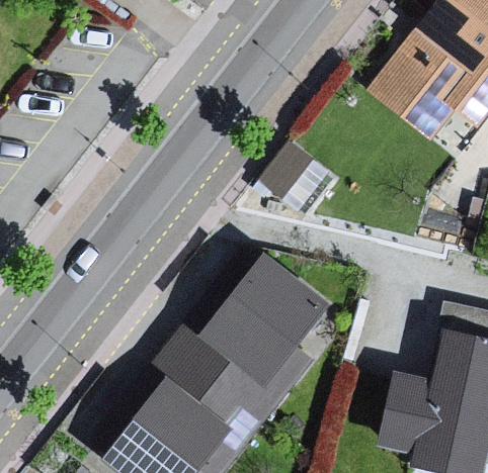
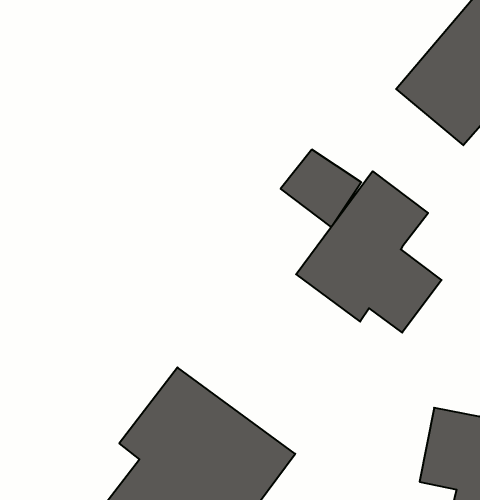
building: none -> [296,171,442,333]
building: [167,252,323,414] -> none

